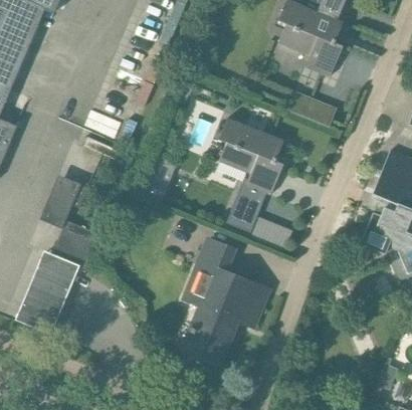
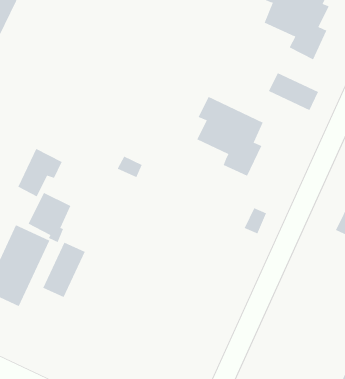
building: [226,177,265,231] -> none
building: [186,240,267,361] -> none
building: none -> [43,242,85,298]

